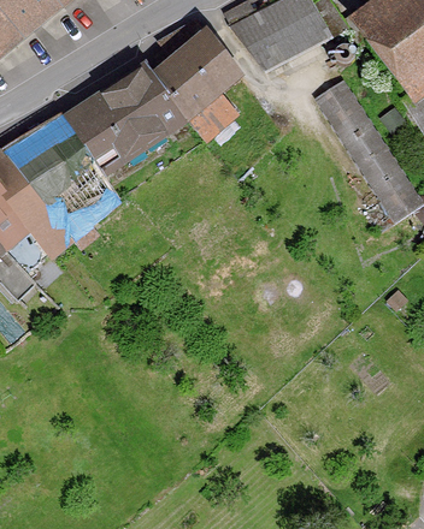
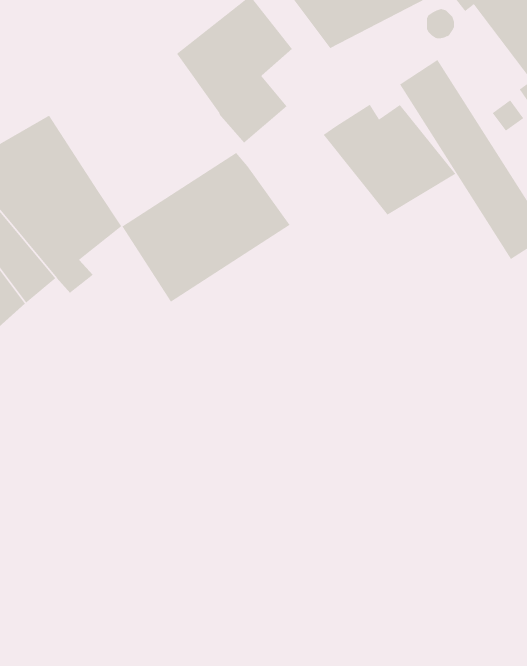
building: [66,65,187,172] -> [122,152,291,302]
building: none -> [323,104,456,216]

